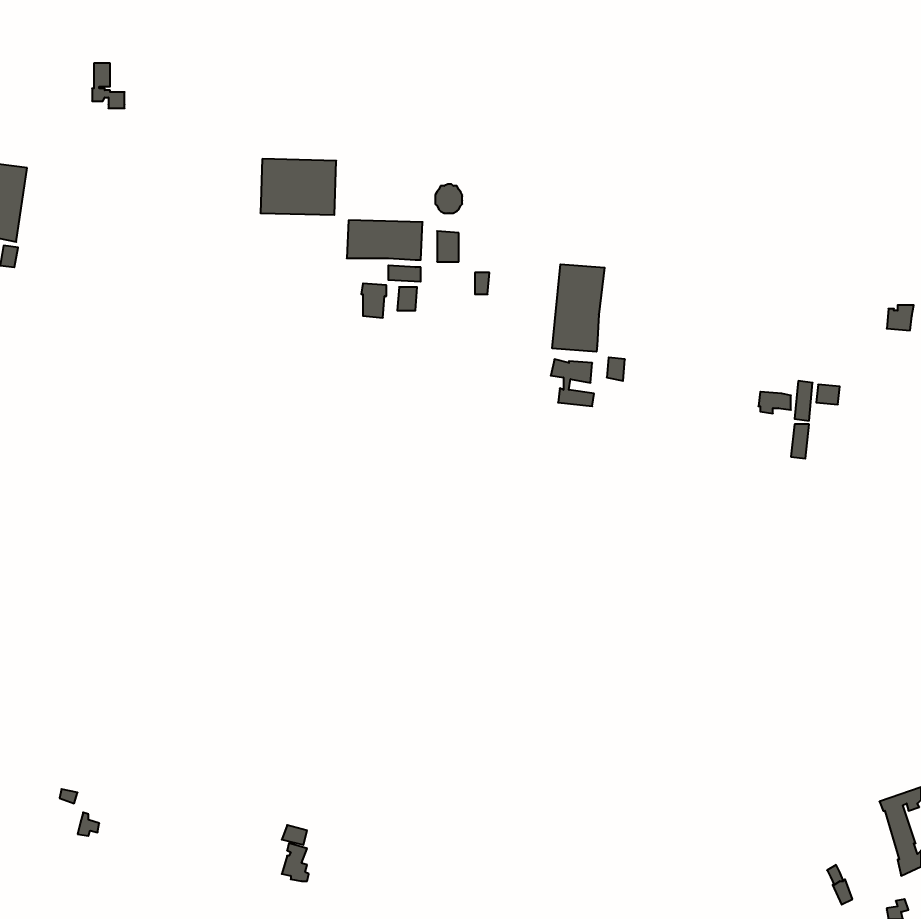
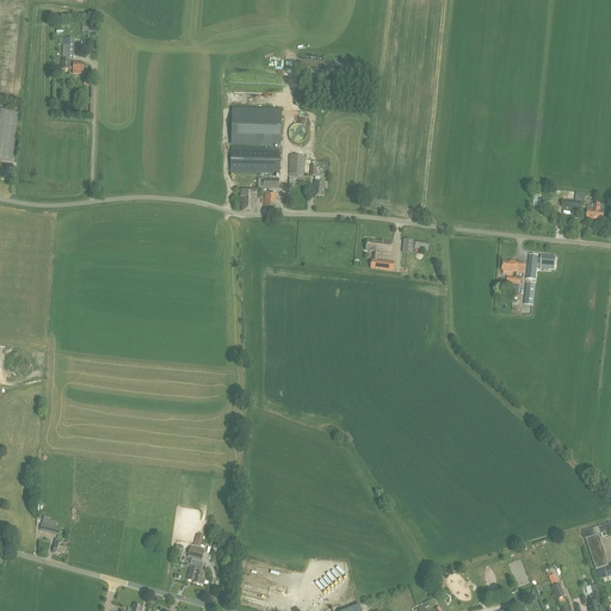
building: [260,159,336,215] -> [230,107,280,144]
building: [552,264,605,352] -> none

